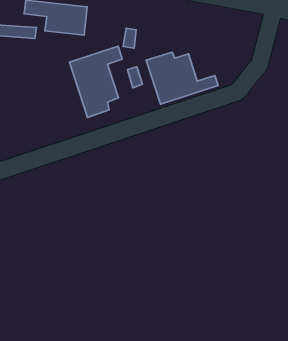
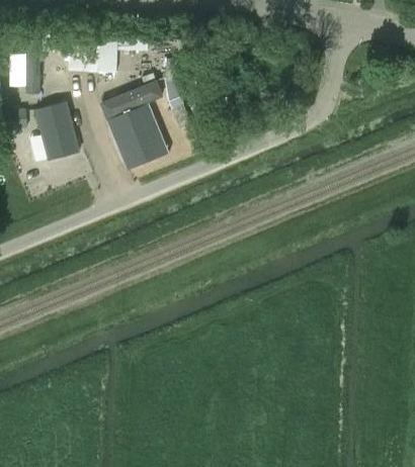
building: [146,52,218,104] -> none
building: none -> [36,99,82,160]

